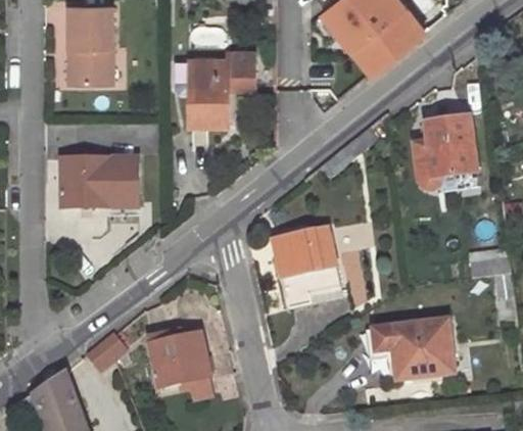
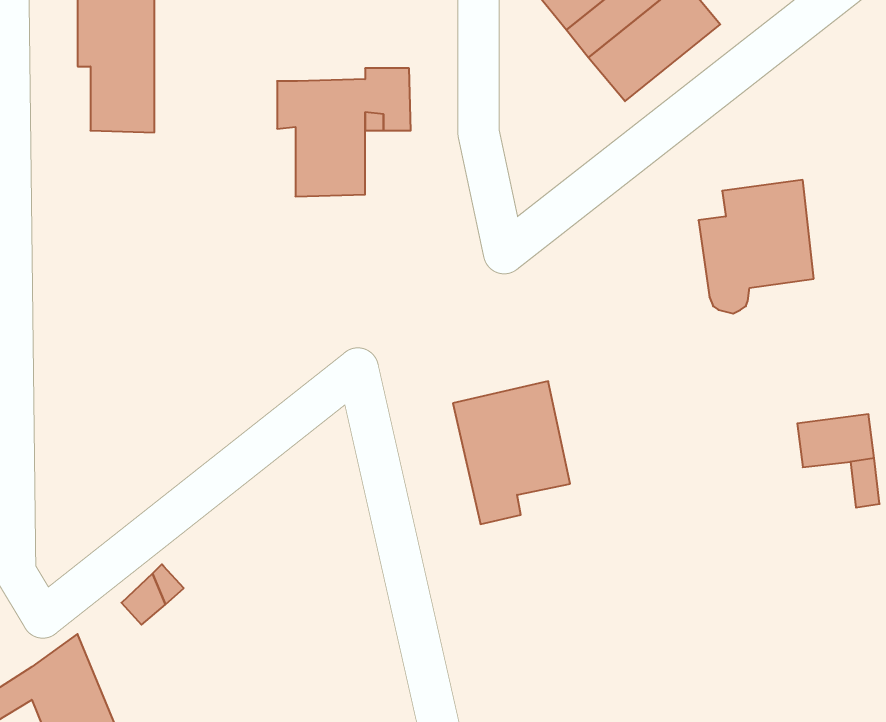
building: [61,158,135,205] -> none
building: [374,318,455,377] -> none
building: [151,334,211,387] -> none

